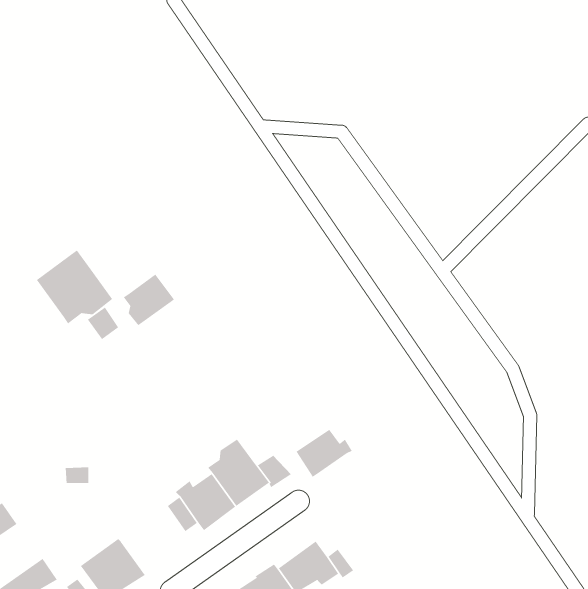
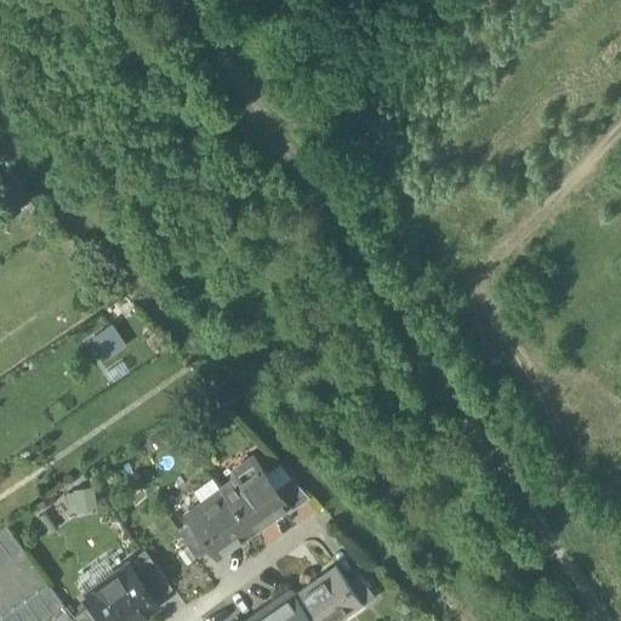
building: [36,250,113,324] -> none
building: [123,274,175,326] -> none
building: [296,429,353,478] -> none
building: none -> [127,558,167,602]

